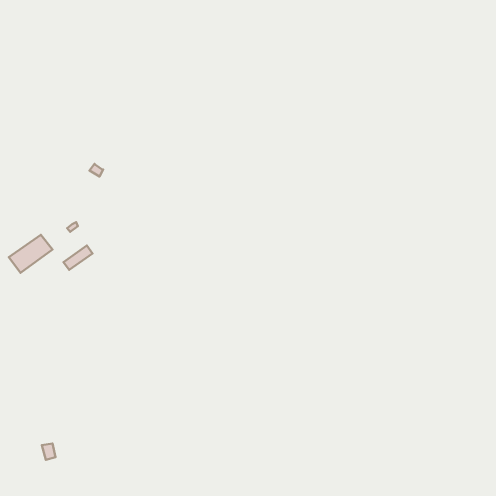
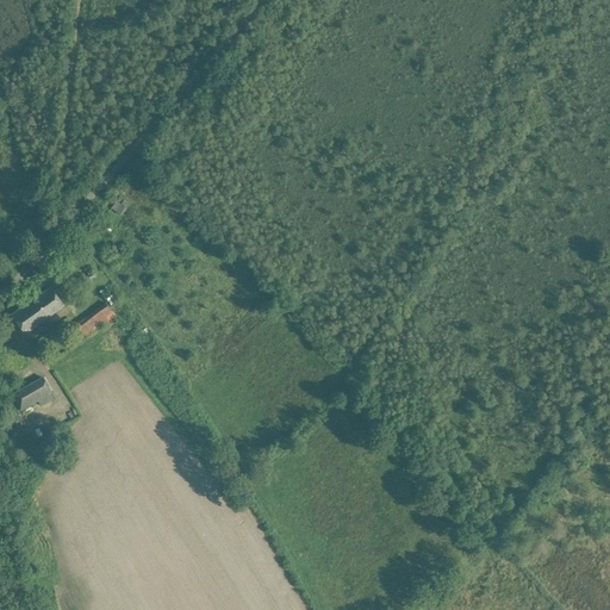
building: none -> [15,379,54,413]

